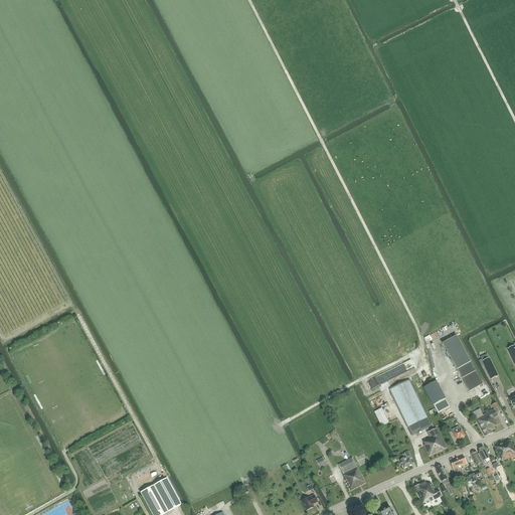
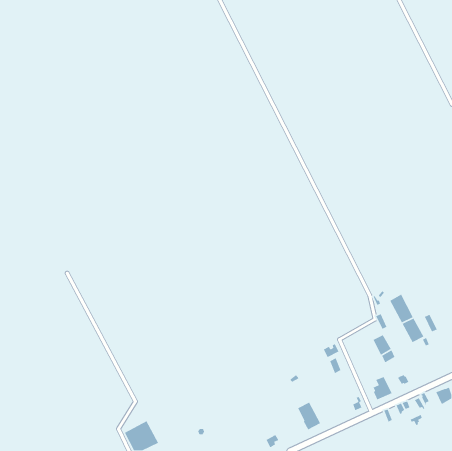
building: [389,378,431,435] -> none
building: [474,401,501,436] -> none
building: [414,481,442,505] -> none

